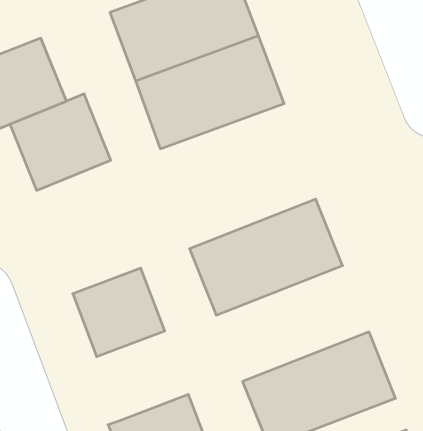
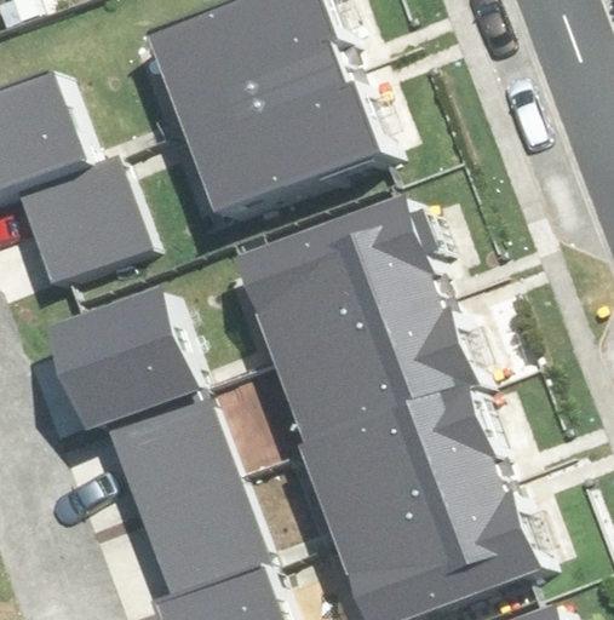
building: none -> [230,200,438,358]
building: none -> [57,294,199,425]
building: none -> [302,381,511,540]
building: none -> [138,471,264,593]

